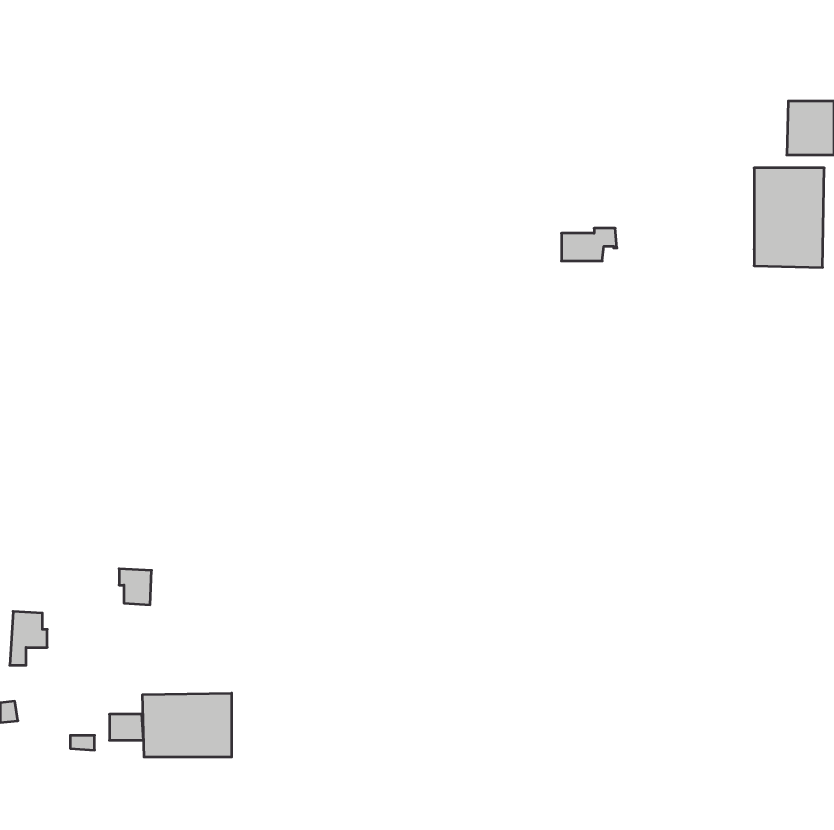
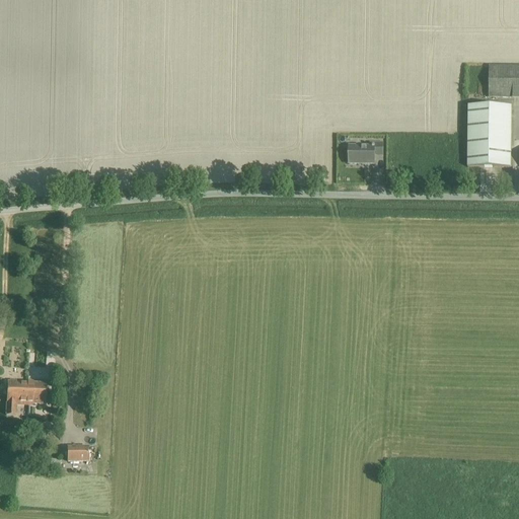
building: [119,569,152,605] -> [26,381,47,403]
building: [143,693,232,757] -> none

